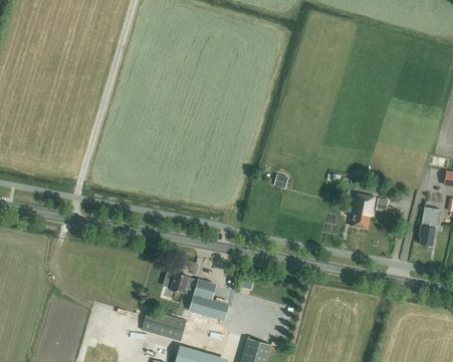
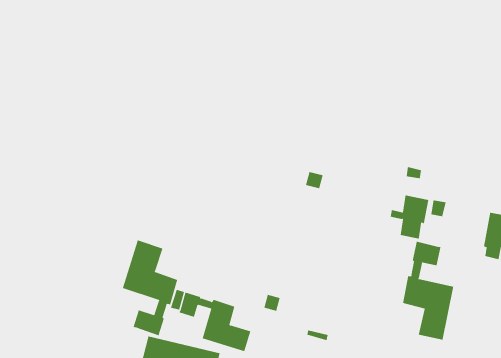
building: none -> [122,239,178,336]
building: none -> [403,241,454,341]

